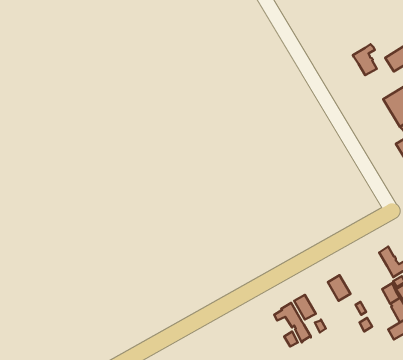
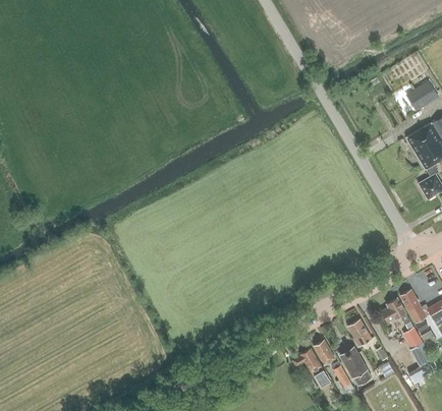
building: [353,44,377,75] -> none
building: none -> [381,298,411,327]
building: none -> [341,348,372,386]

